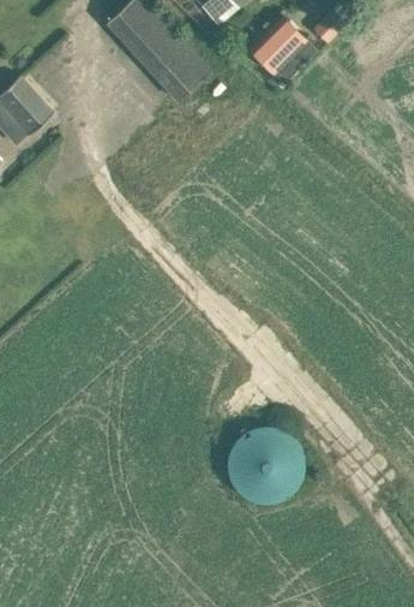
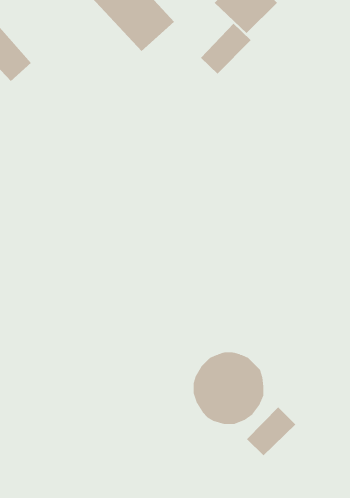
building: none -> [200,23,252,74]
building: none -> [246,407,296,456]

